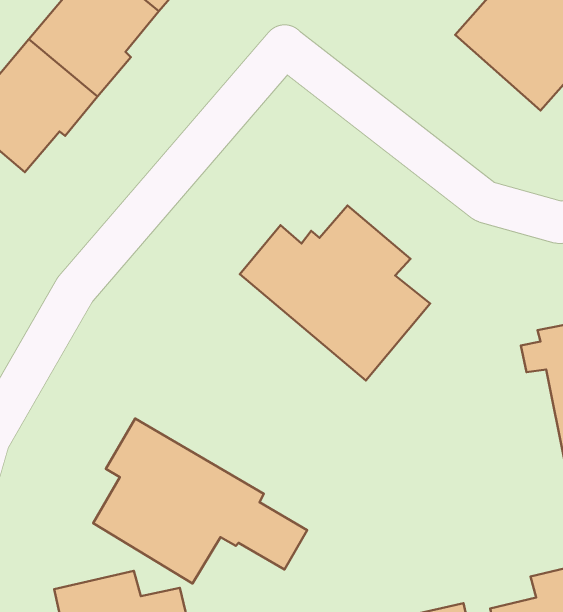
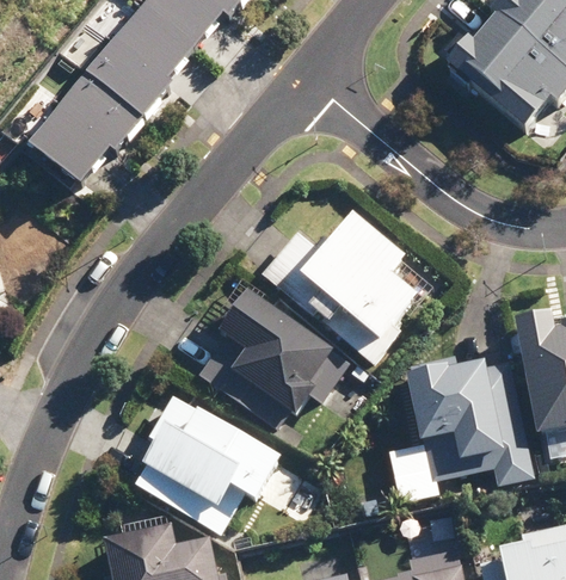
building: none -> [199,290,338,430]
building: none -> [387,353,529,502]

